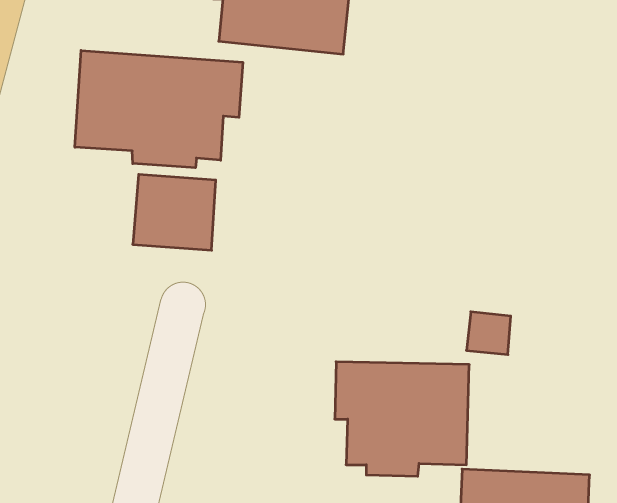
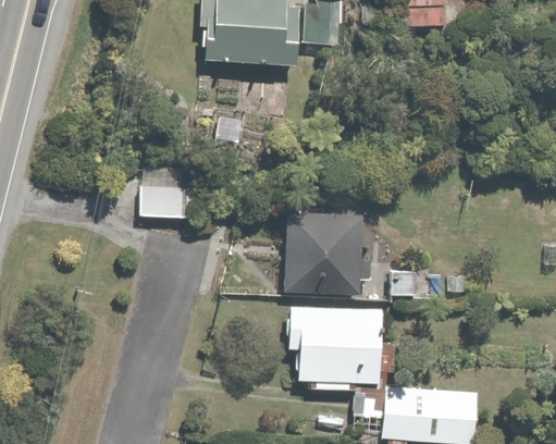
building: [75,50,243,168] -> none
building: none -> [282,211,361,294]

